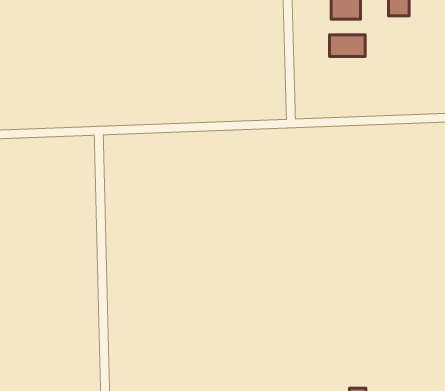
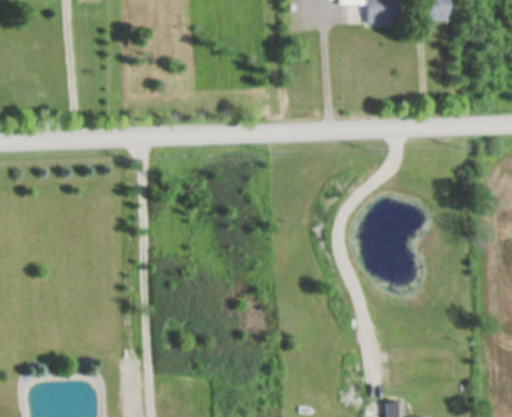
building: [329,35,365,56] -> none

